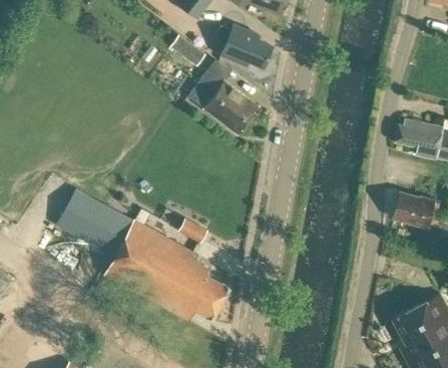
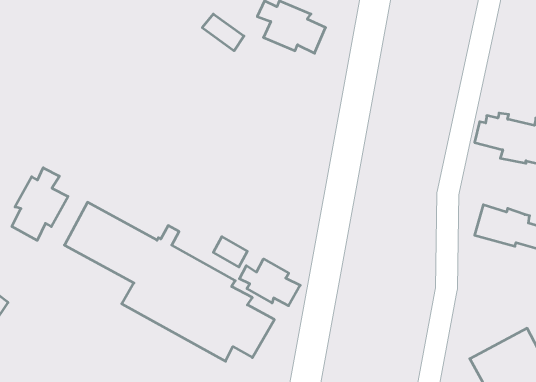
building: [188,59,259,133] -> none
building: none -> [12,168,68,240]
building: none -> [239,259,300,306]

